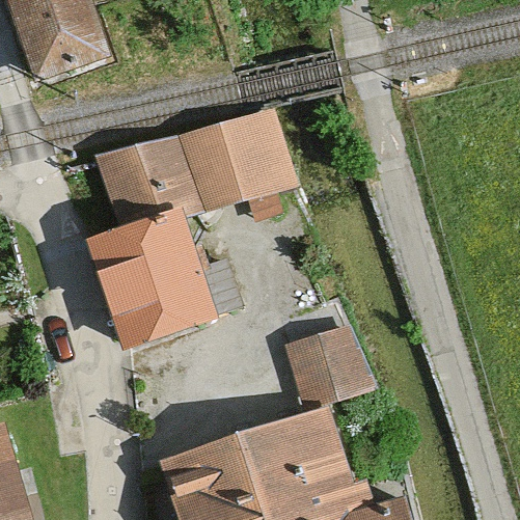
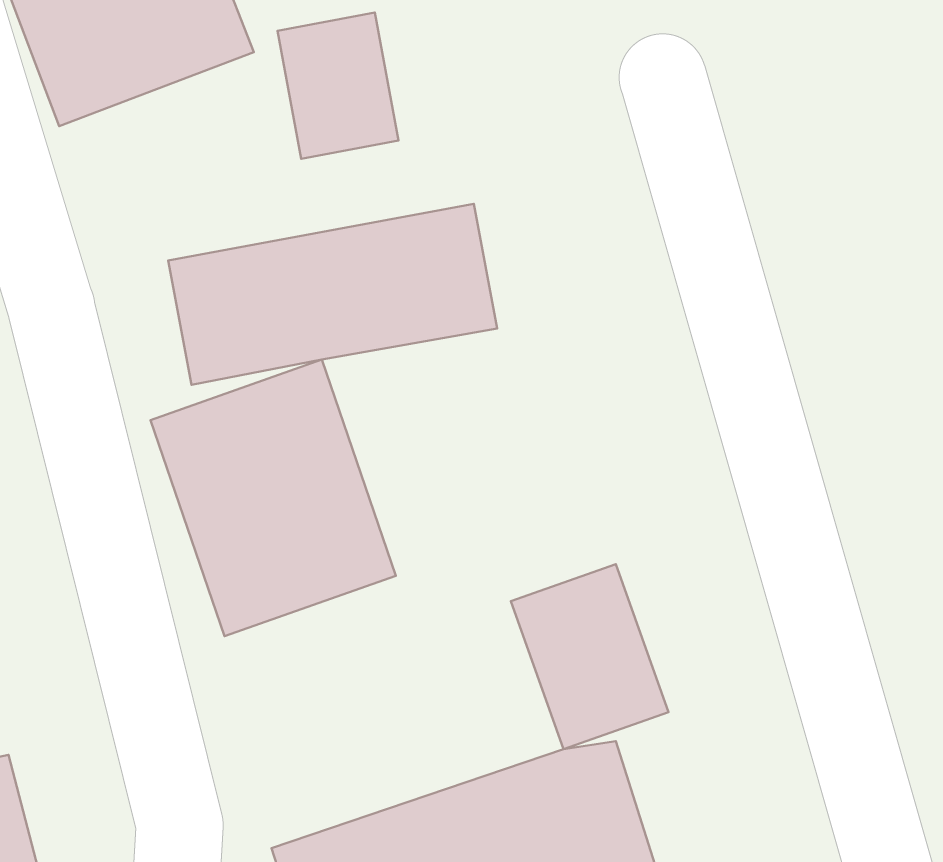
building: none -> [277,13,399,159]

